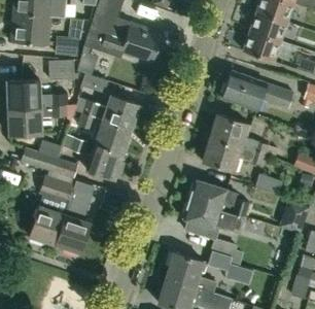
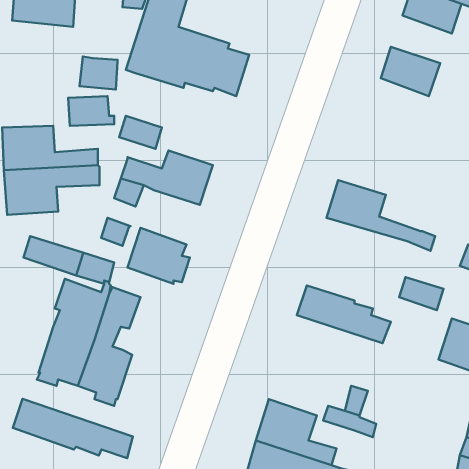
building: [250,10,288,40] -> none
building: [11,13,51,45] -> none
building: [222,70,294,109] -> none
building: [94,119,131,153] -> none
building: [203,137,275,171] -> none
building: [184,198,245,241] -> none
building: none -> [13,399,133,458]

